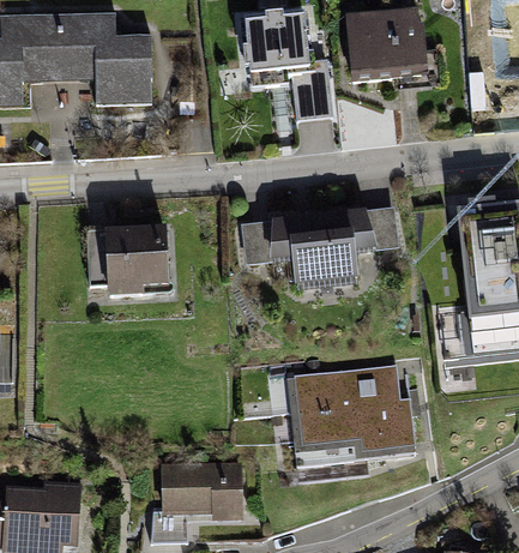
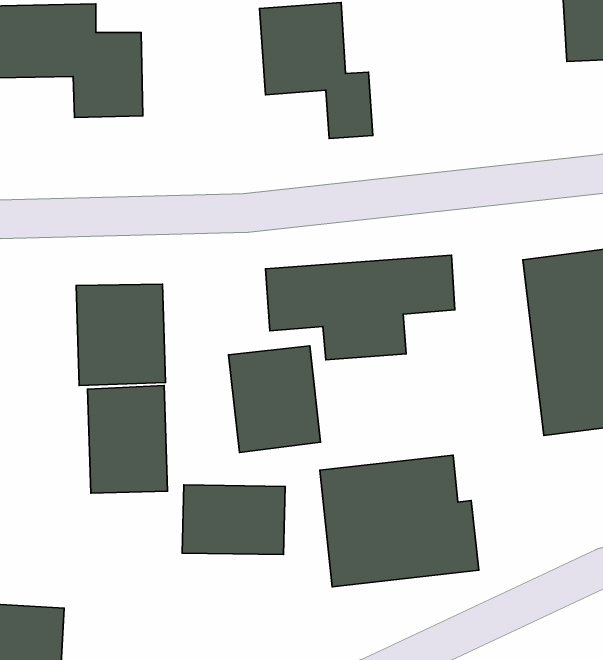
building: [340,12,428,86] -> none
building: none -> [229,346,321,452]
building: none -> [88,386,168,493]
building: [161,463,242,518] -> [182,485,285,555]

